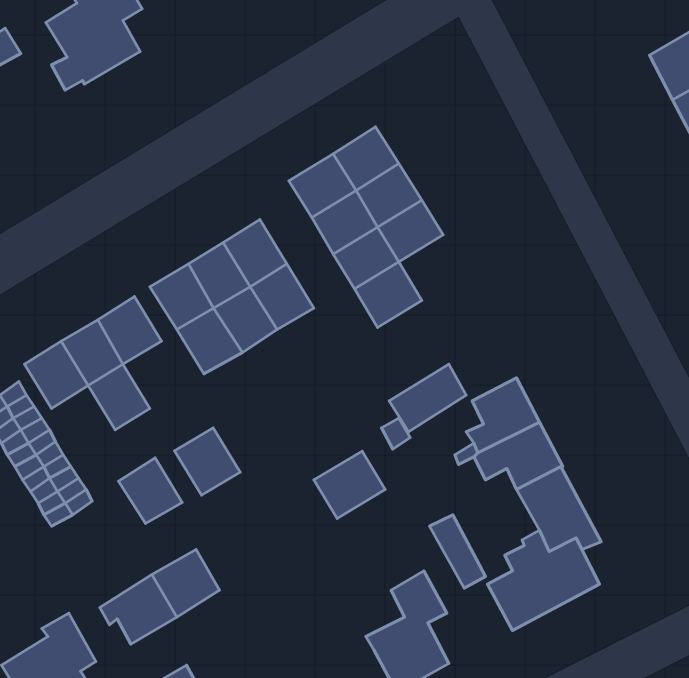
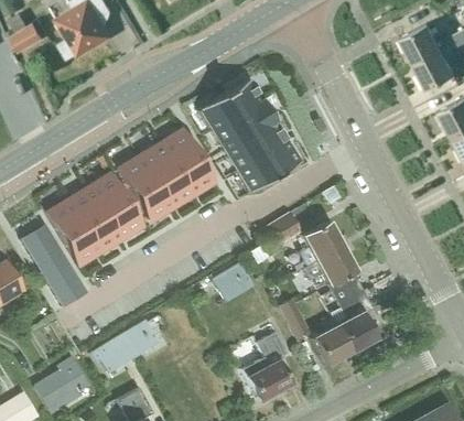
building: none -> [260,140,299,177]
building: [175,428,240,495] -> [102,201,140,239]
building: [119,458,182,524] -> [62,226,98,263]

